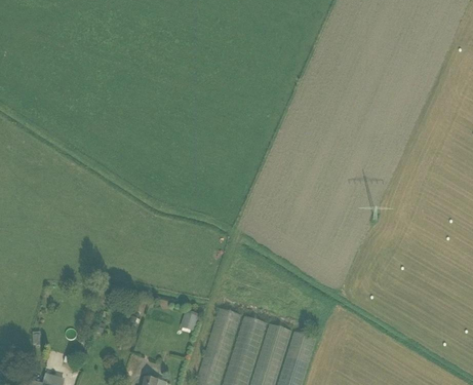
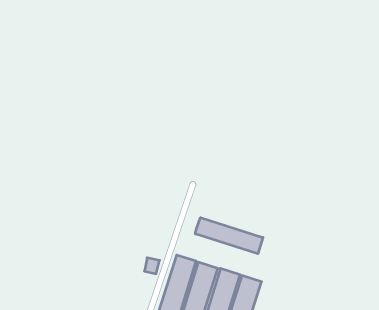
building: none -> [195,218,263,254]

